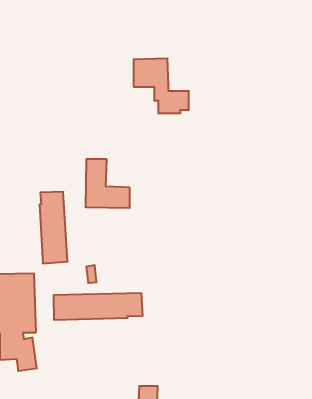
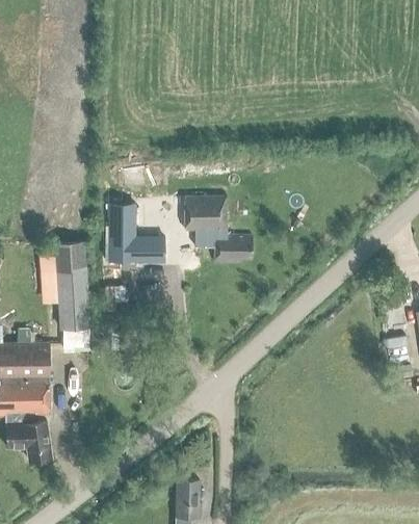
building: [134,59,189,113] -> [184,196,252,263]
building: [54,293,142,320] -> none

